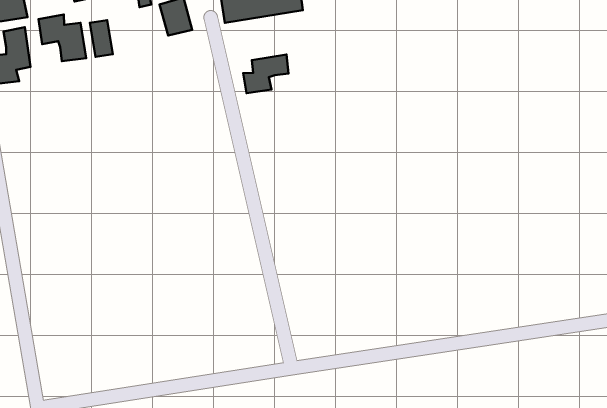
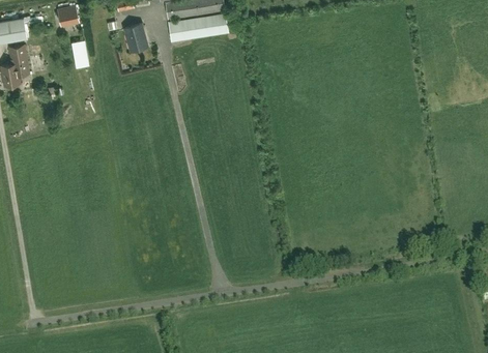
building: [38,15,86,61] -> none
building: [243,54,289,93] -> none

